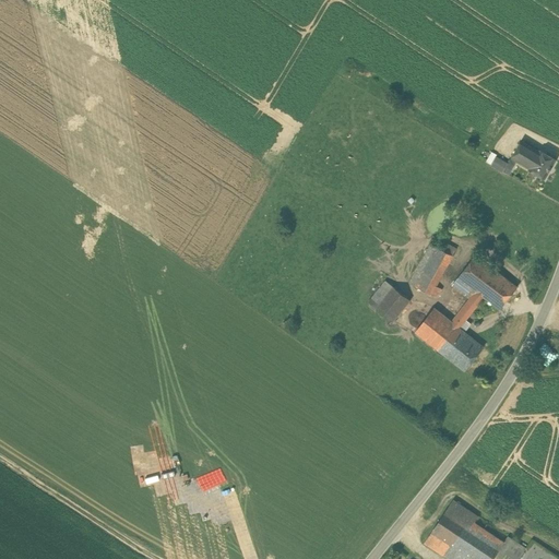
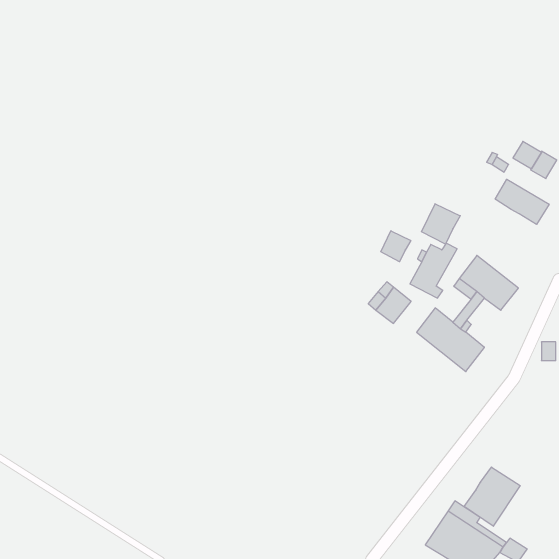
building: none -> [495,179,549,224]
building: none -> [422,204,460,244]
building: none -> [381,231,411,262]
building: none -> [464,467,520,526]

